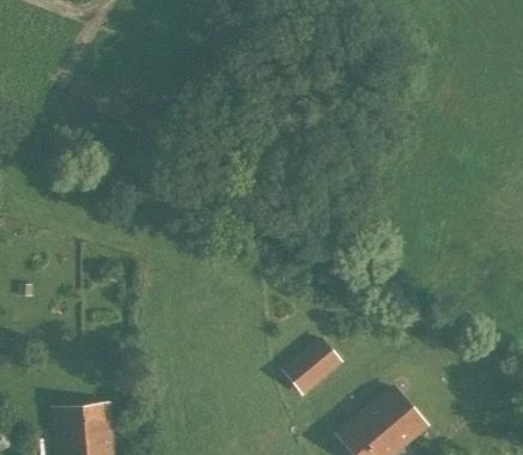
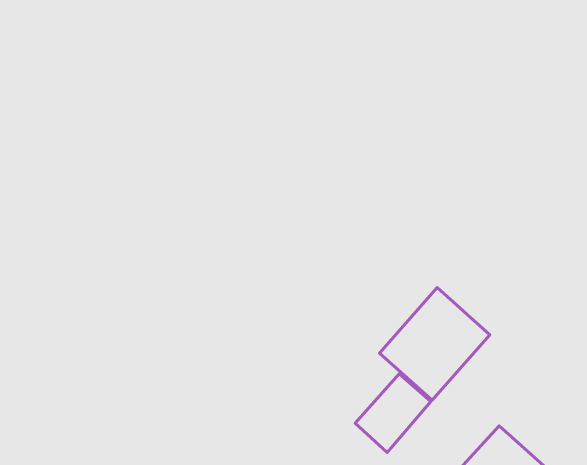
building: none -> [380,288,490,400]

